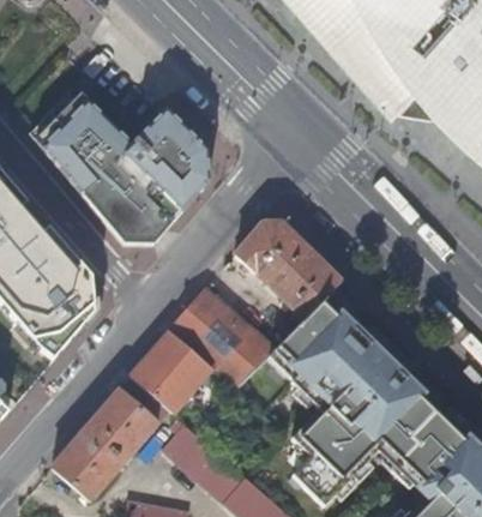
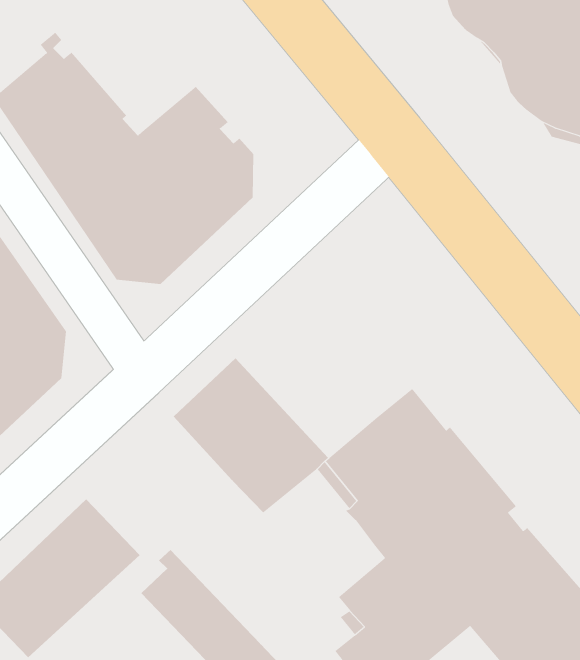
building: [236,223,341,318] -> none
building: [131,331,213,414] -> none

